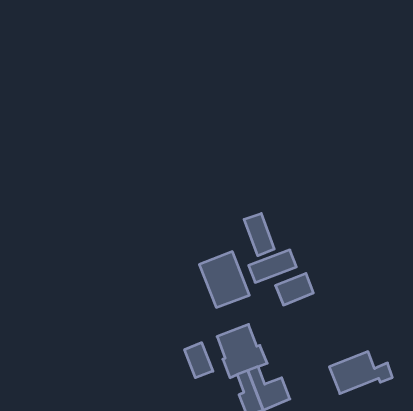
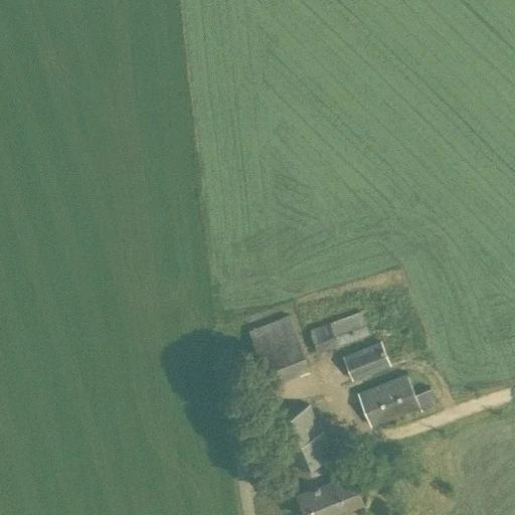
building: [244,213,274,256] -> none
building: [185,343,213,378] -> none
building: [329,352,392,394] -> [358,375,437,427]

